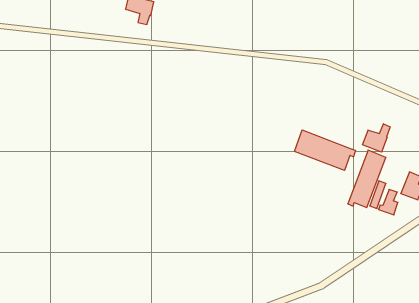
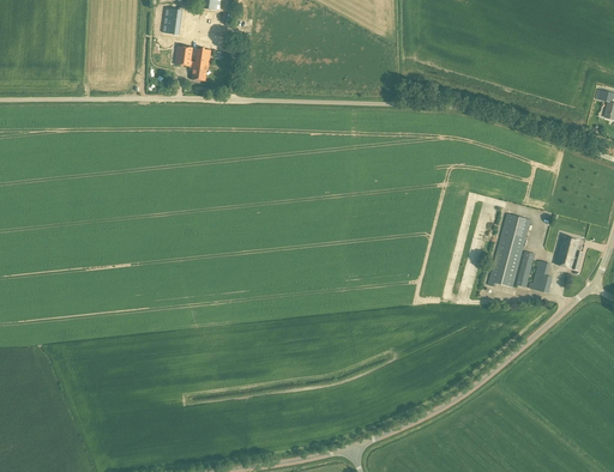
building: [362,124,390,152] -> none
building: [295,130,356,170] -> none

